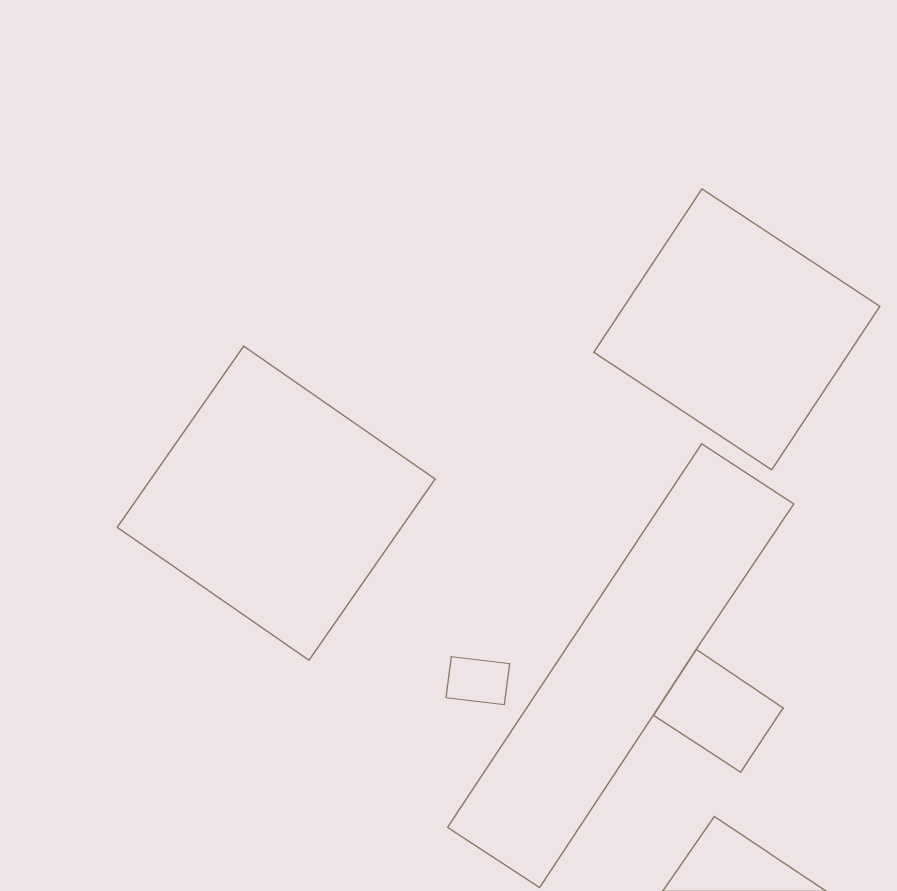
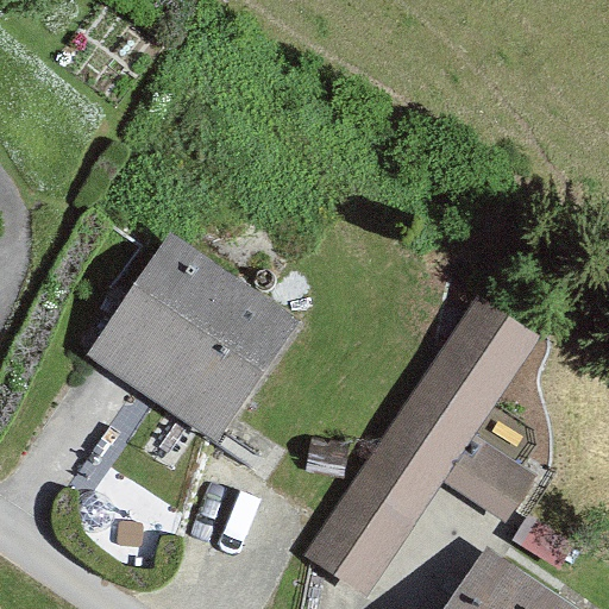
building: [594,189,880,470] -> none

